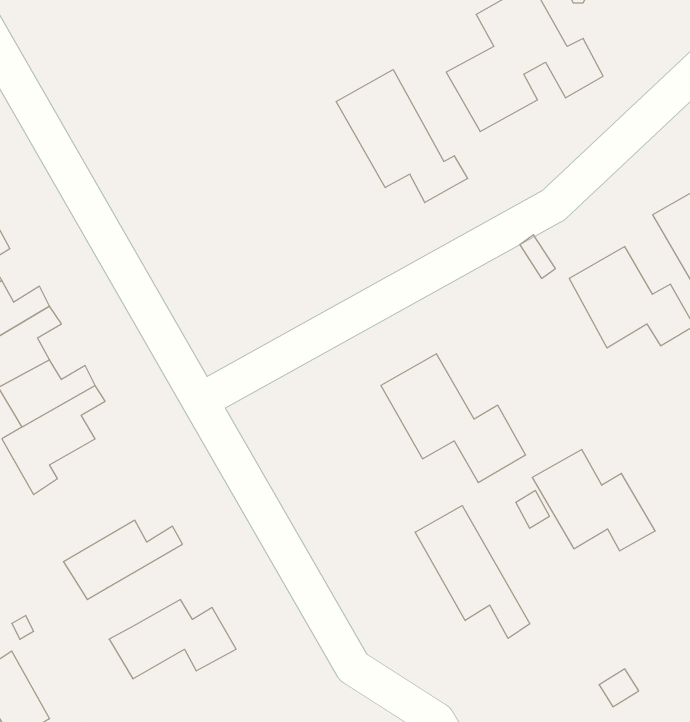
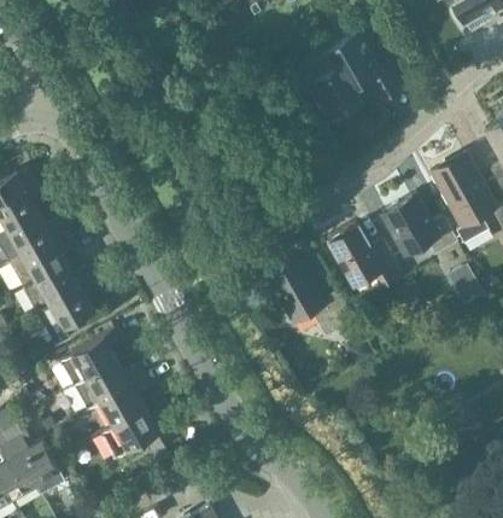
building: [336,70,468,203] -> none
building: [532,450,655,551] -> [327,226,402,287]
building: none -> [59,327,123,385]
building: [415,506,530,638] -> none
building: none -> [99,374,151,425]

